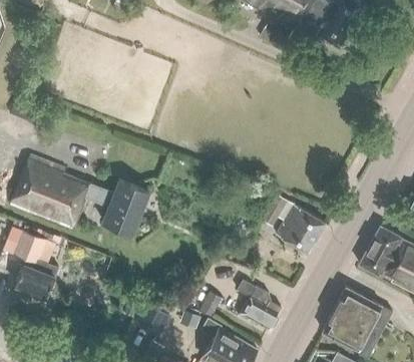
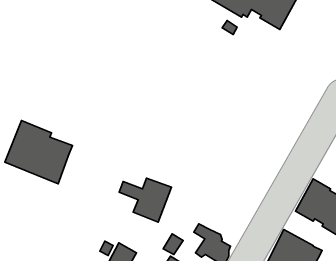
building: [85,180,148,234] -> [119,178,172,222]
building: [263,195,325,253] -> none
building: [12,231,57,298] -> none

